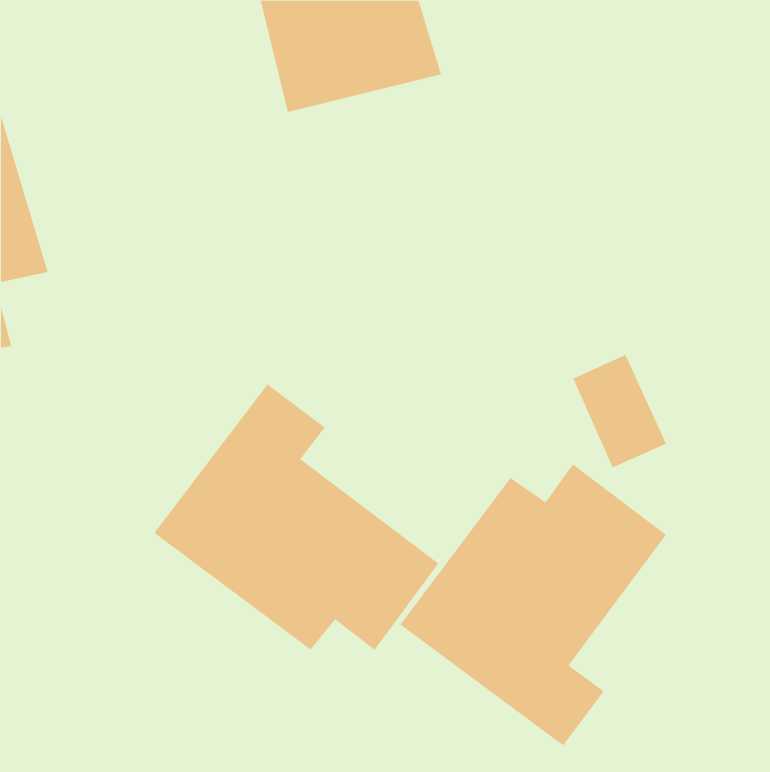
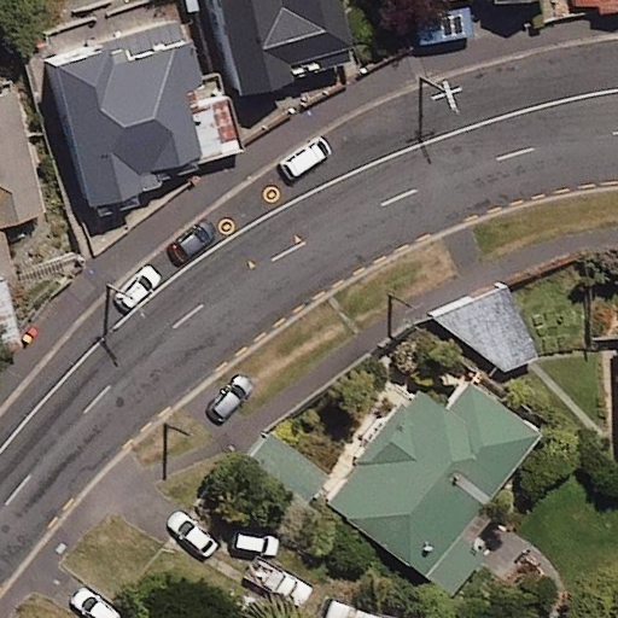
building: none -> [52,30,218,208]
building: [154,384,439,651] -> none

